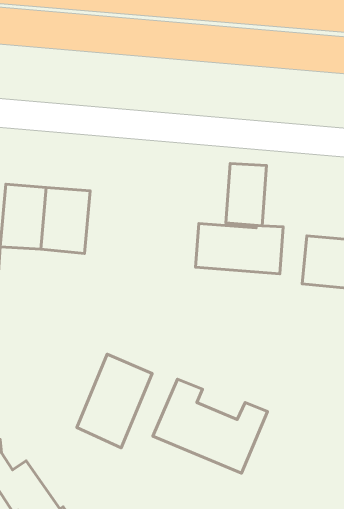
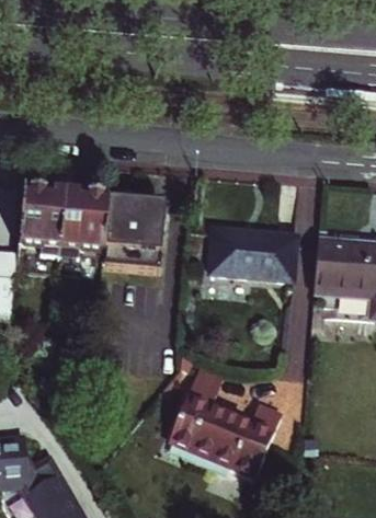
building: [226,163,267,226] -> none
building: none -> [101,197,164,269]
building: [77,354,152,448] -> none

